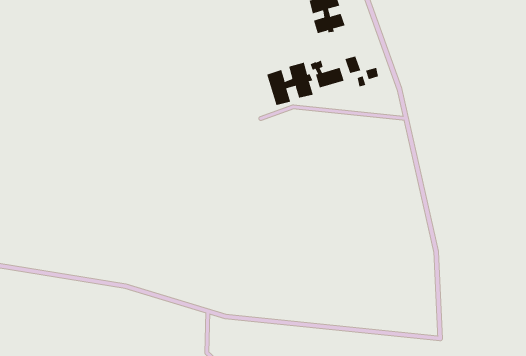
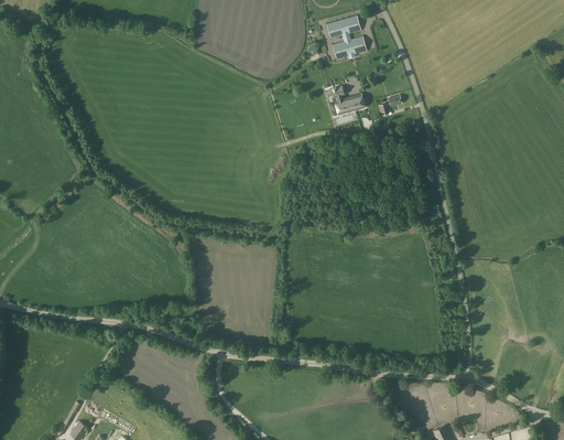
building: [267,62,313,106] -> none

